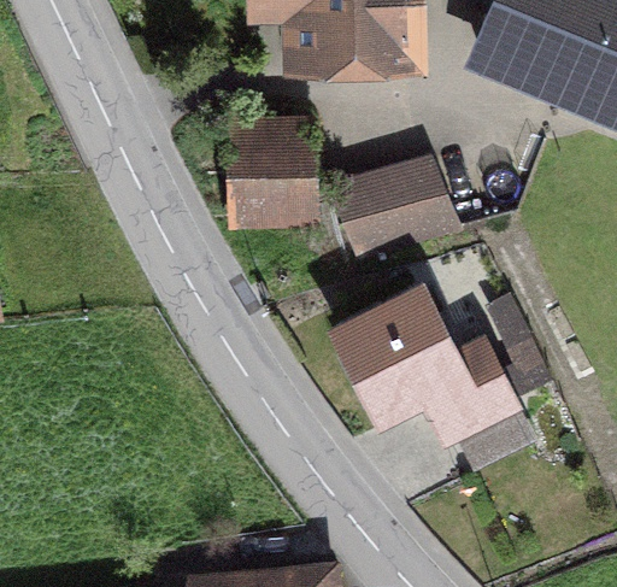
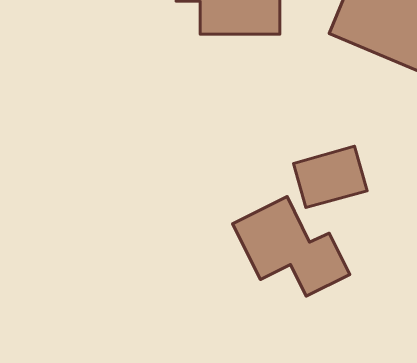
building: [231,128,306,211] -> none
building: [345,162,452,251] -> [293,146,367,207]

